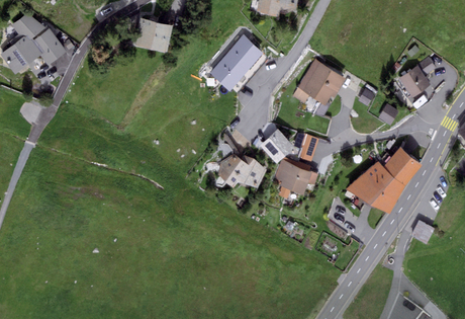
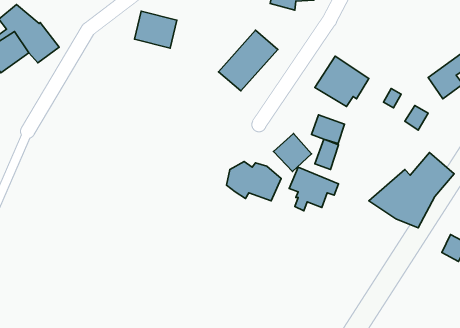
building: none -> [311,115,344,143]

